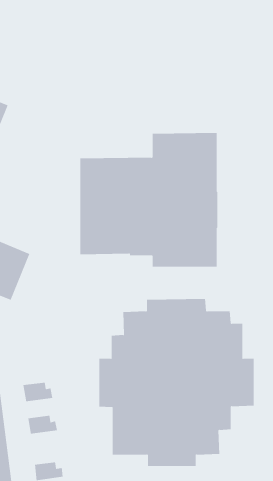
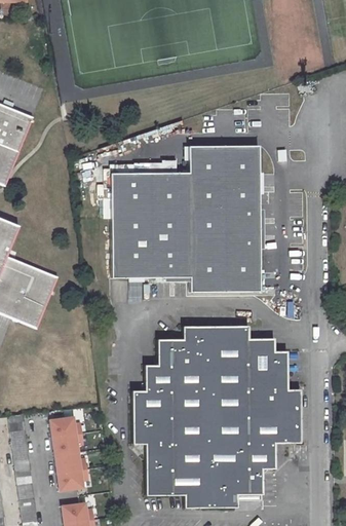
building: none -> [52,434,83,455]
building: none -> [57,468,88,491]

